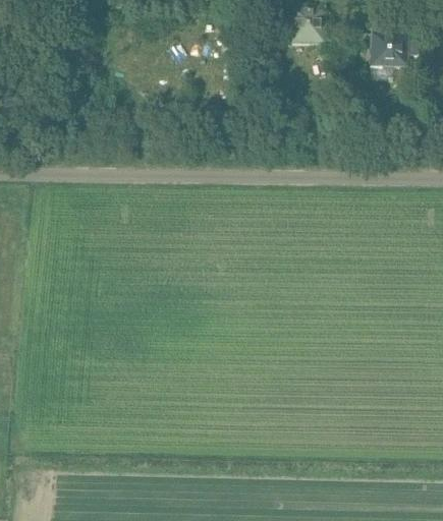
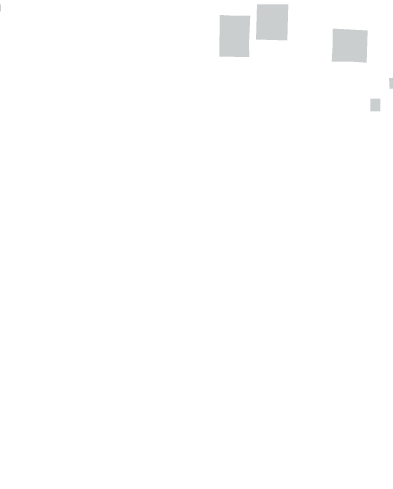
building: none -> [219,14,251,58]

